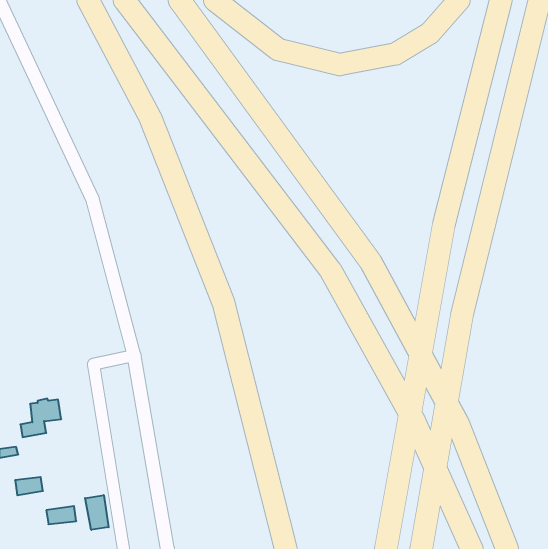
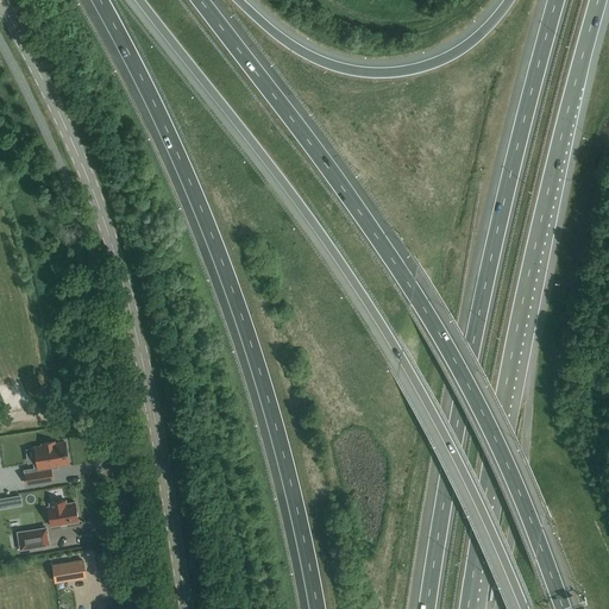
building: none -> [46,500,77,526]
building: [85,495,109,530] -> none

